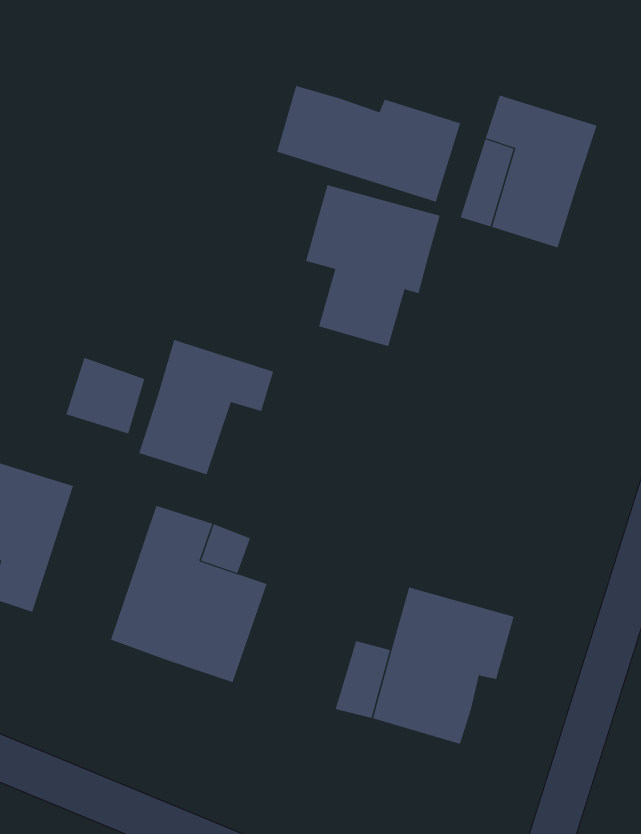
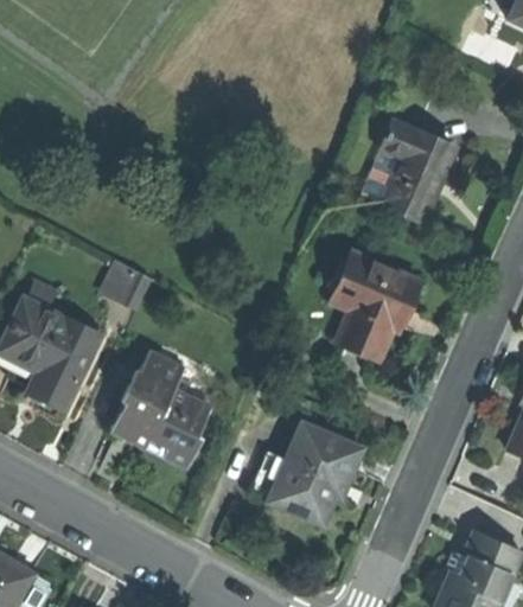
building: [277,85,461,202] -> none
building: [305,185,441,347] -> [329,253,416,358]
building: [139,339,274,475] -> none

